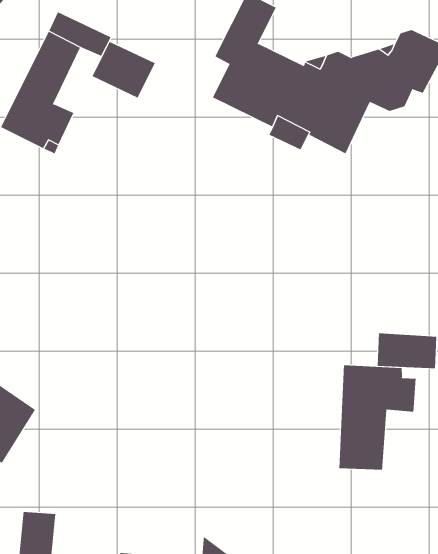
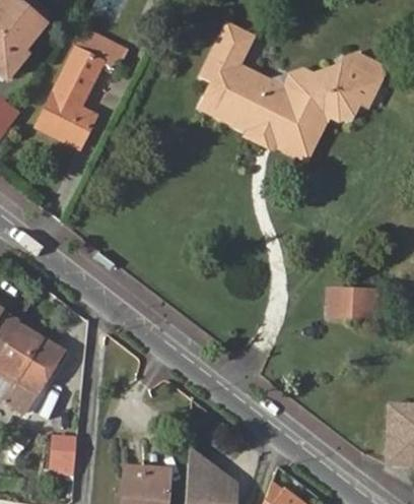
building: [92,41,156,99] -> none
building: [339,365,416,470] -> none

